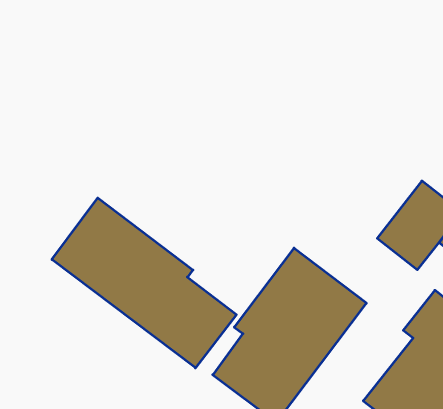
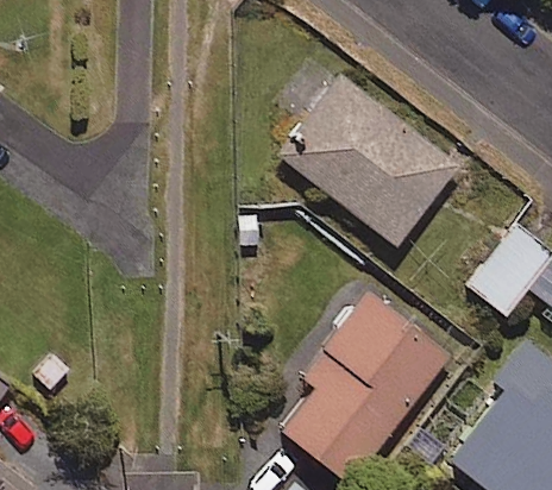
building: none -> [277,73,456,245]
building: [52,198,236,368] -> none

